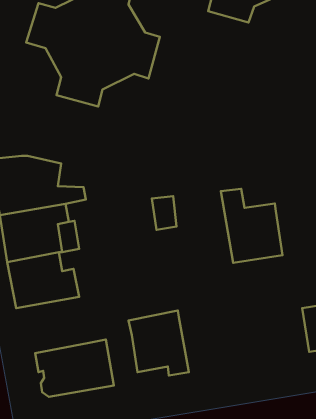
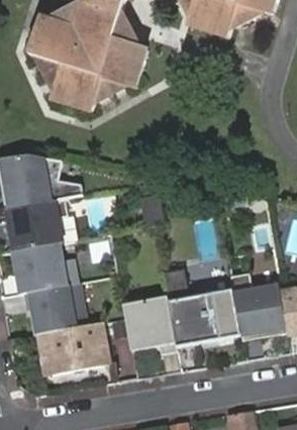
building: [221,189,283,263] -> [226,275,282,341]
building: none -> [22,285,84,335]
building: none -> [165,295,216,347]

